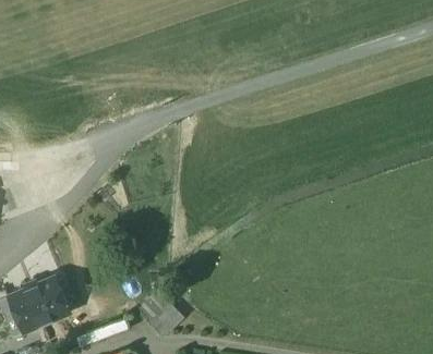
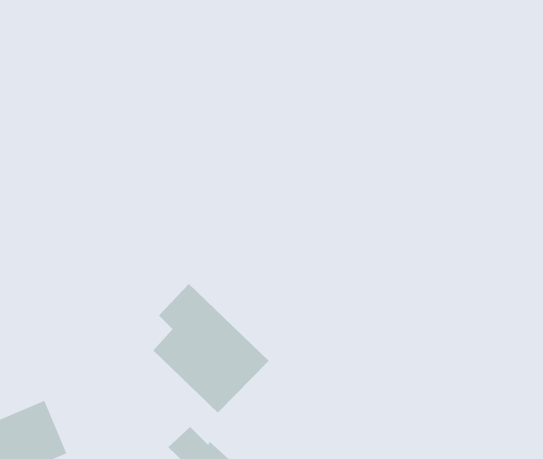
building: none -> [152,283,270,414]

